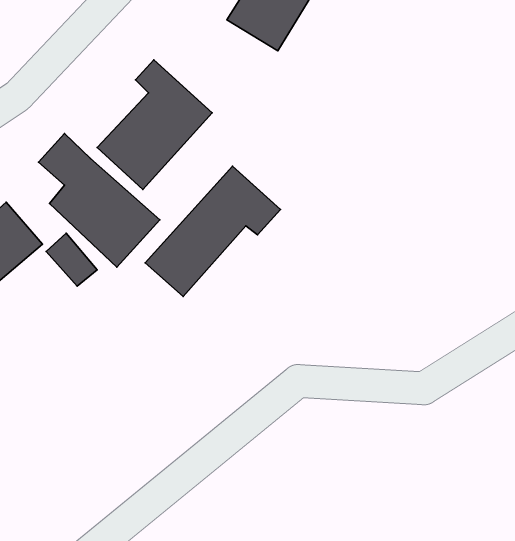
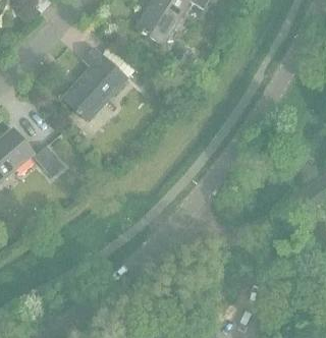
building: [39,133,160,267] -> none
building: [145,166,281,296] -> none

